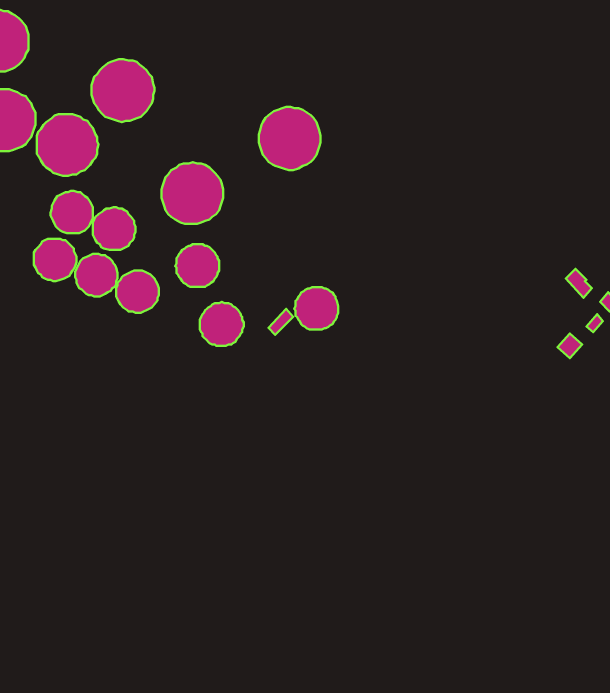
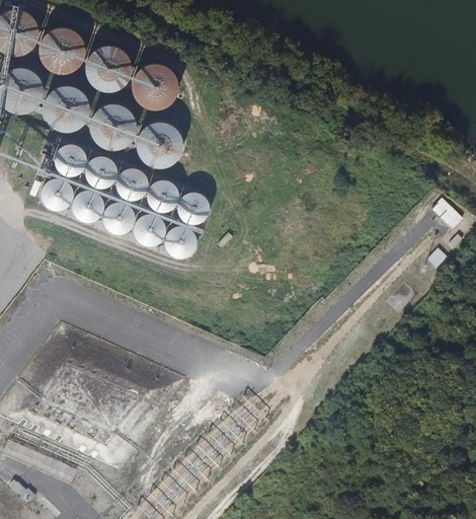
building: none -> [38,28,84,74]
building: [259,107,320,170] -> [132,64,177,110]
building: none -> [91,104,137,150]
building: none -> [116,167,148,199]
building: [294,287,338,330] -> [178,193,211,224]
building: none -> [134,217,166,249]

